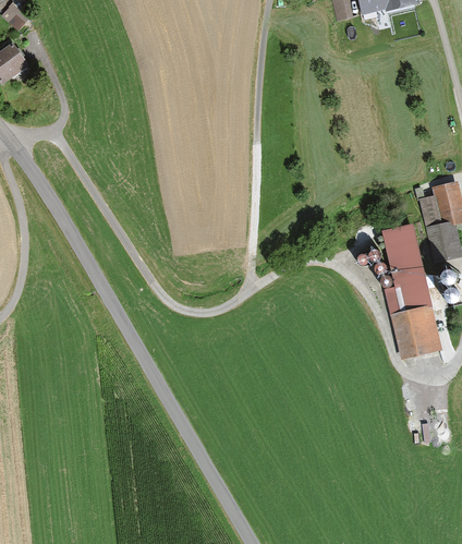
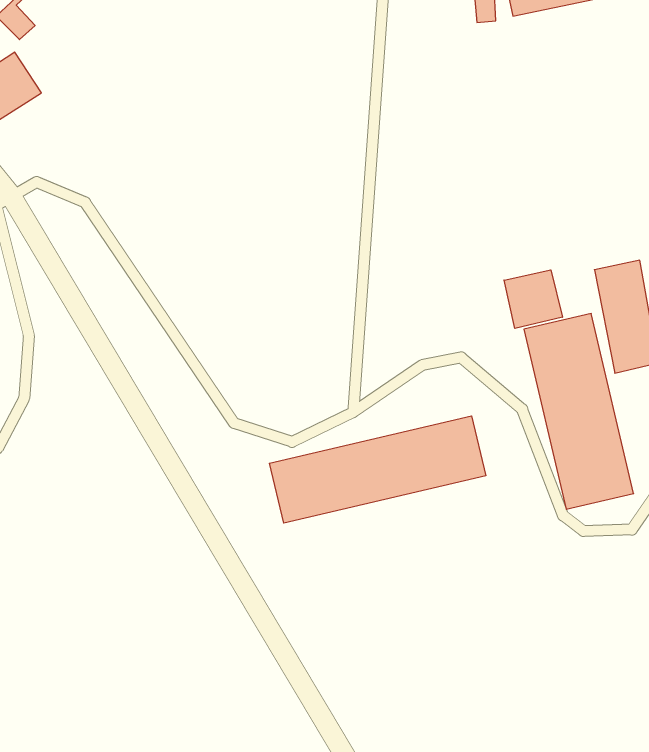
building: none -> [504,270,562,328]
building: none -> [269,416,486,523]

